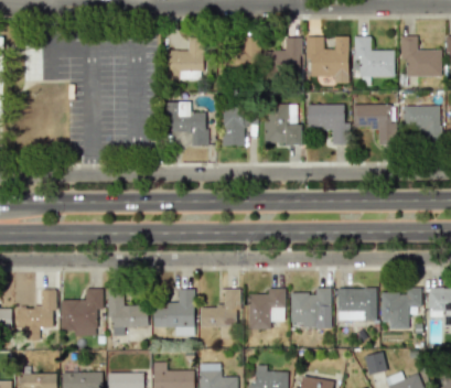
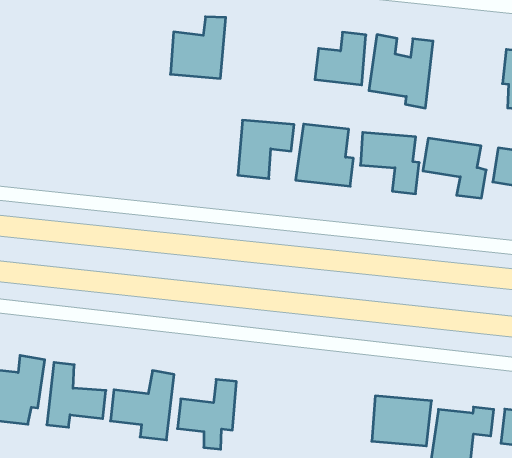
building: [353,36,394,78] -> none
building: [233,37,259,65] -> none
building: [164,103,207,146] -> none
building: [290,288,331,328] -> none
building: [247,290,286,330] -> none

